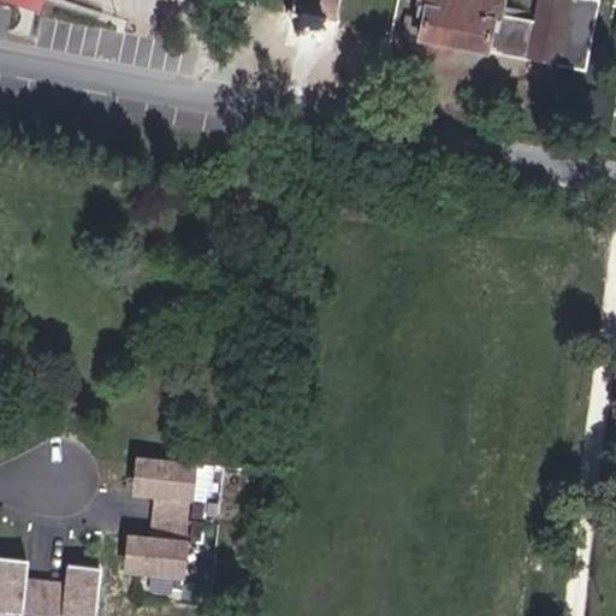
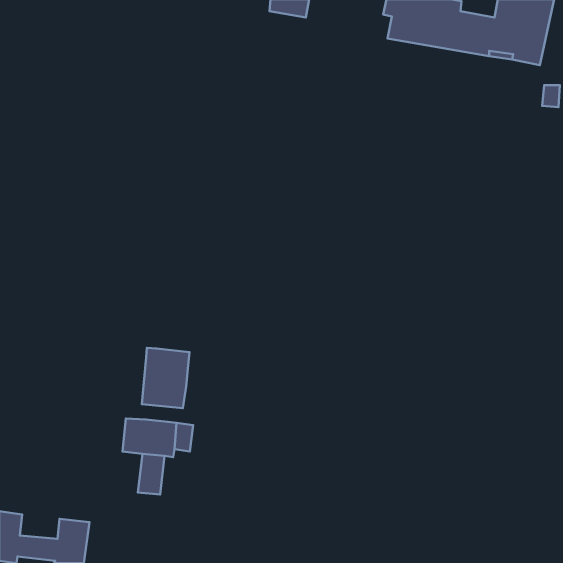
building: none -> [142,348,189,408]
building: [125,534,185,576] -> none

